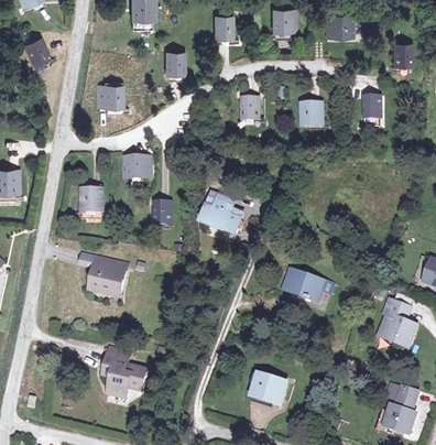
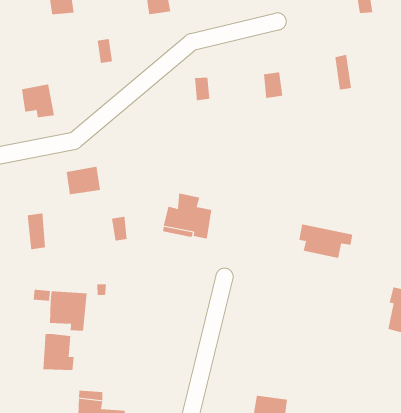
building: [284,268,331,302] -> [299,224,353,259]
building: none -> [43,333,74,371]

